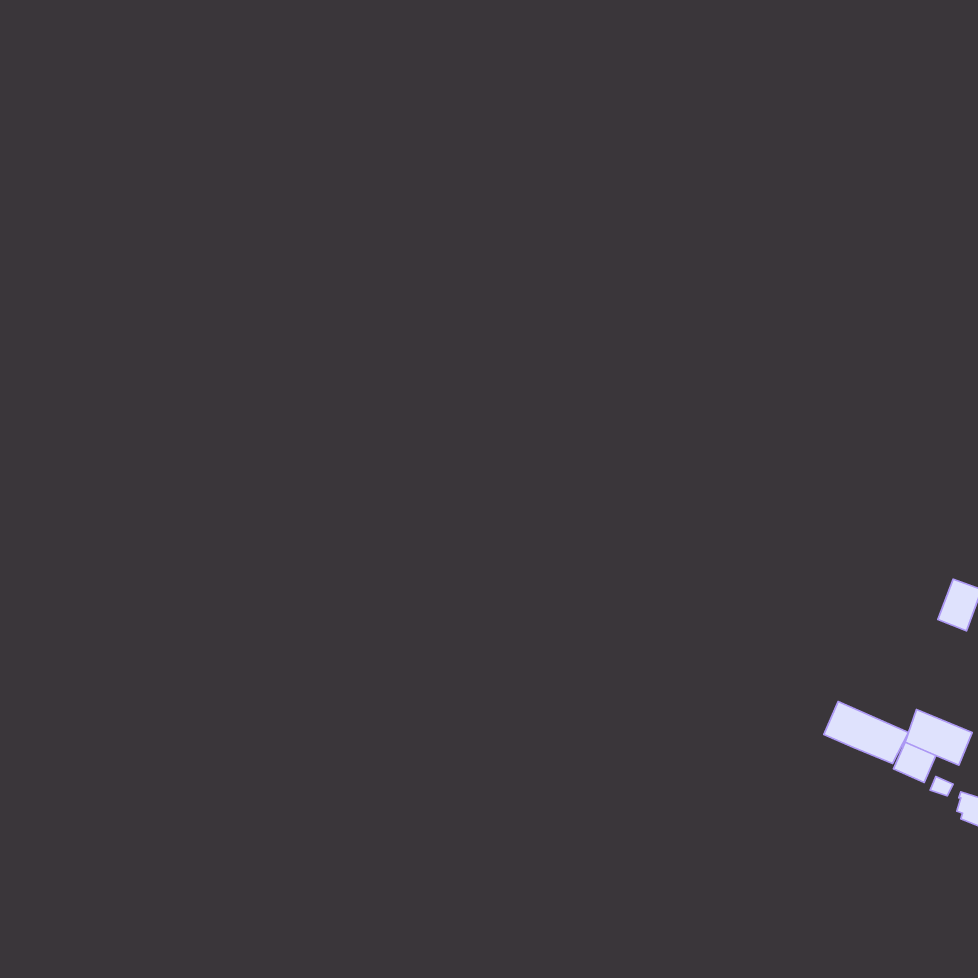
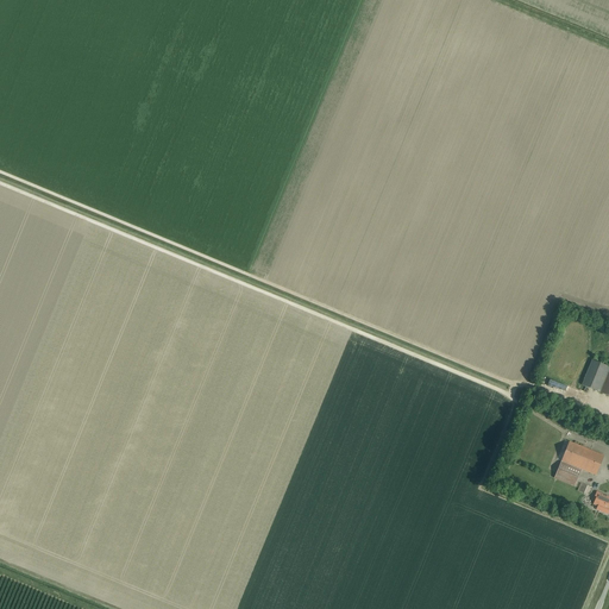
building: [824,702,909,764] -> none

